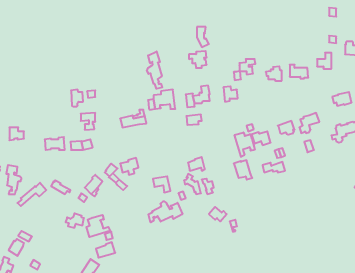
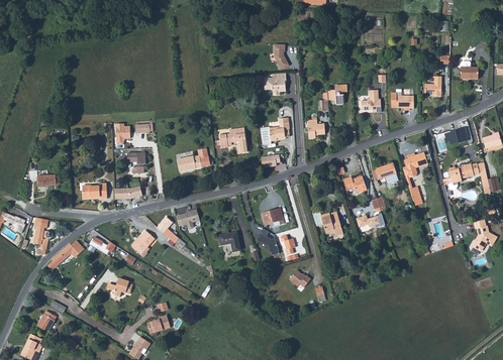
building: [147,51,162,89] -> none
building: [235,132,255,157] -> none
building: [148,201,182,222] -> none
building: [86,215,110,237] -> none

